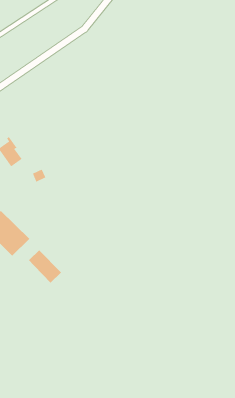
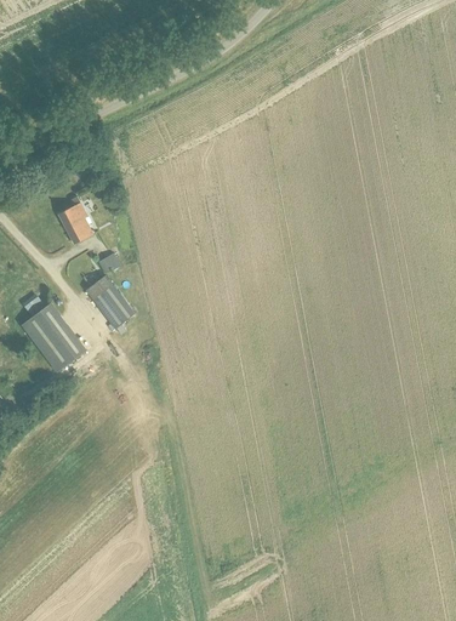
building: [28,249,62,283] -> [87,274,133,325]

